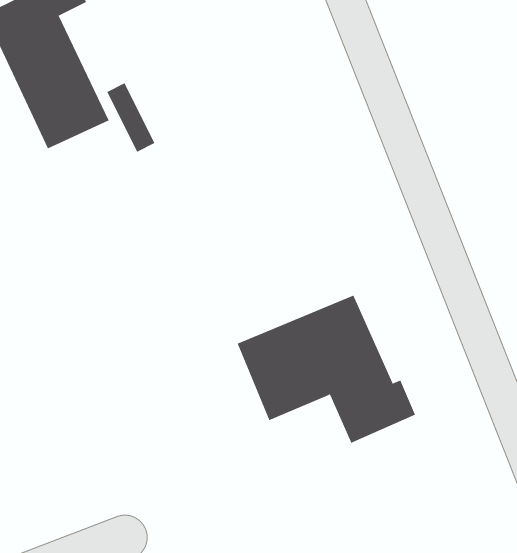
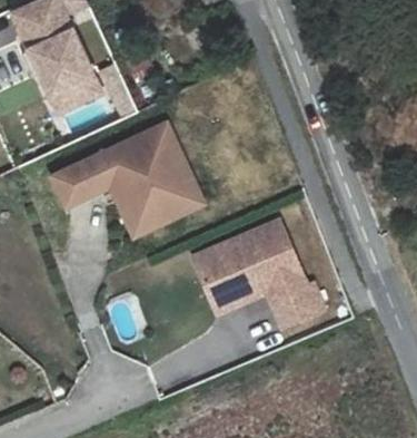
building: none -> [46,120,201,235]

